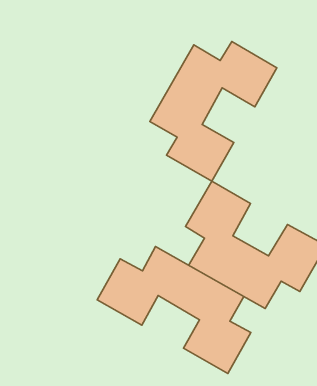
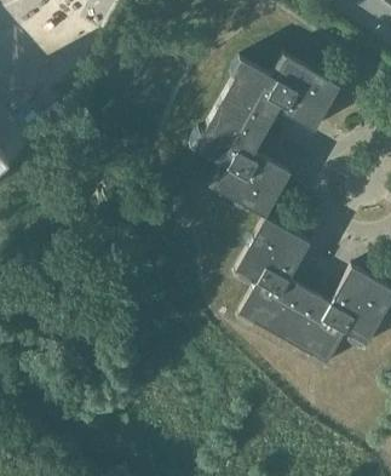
building: [97,247,251,373] -> none

